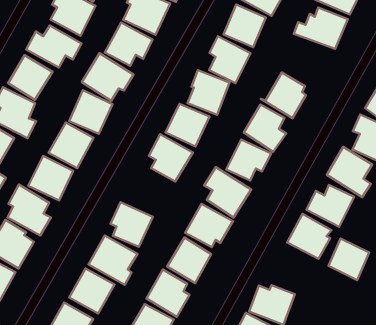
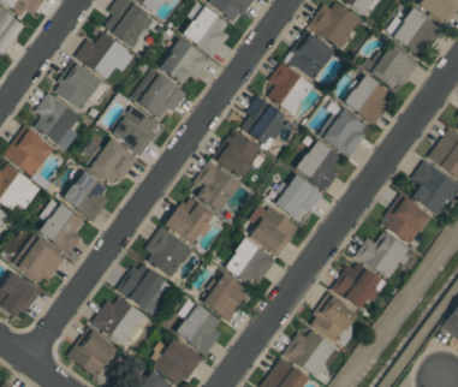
building: none -> [345,76,391,126]
building: none -> [165,197,214,246]
building: [328,239,369,280] -> [310,294,355,340]

